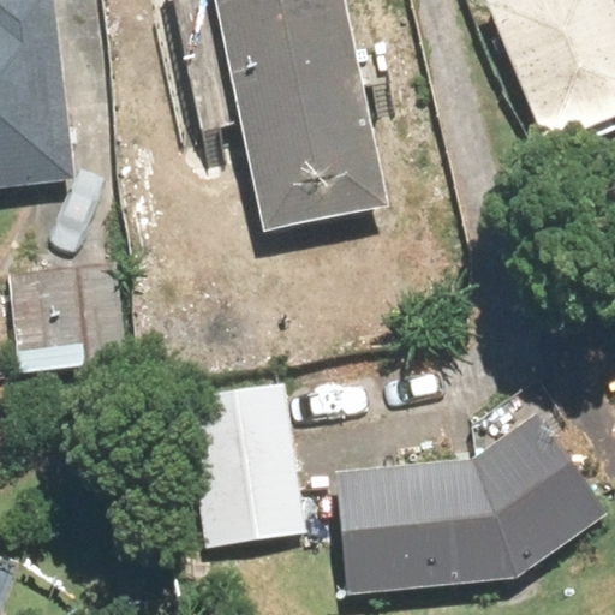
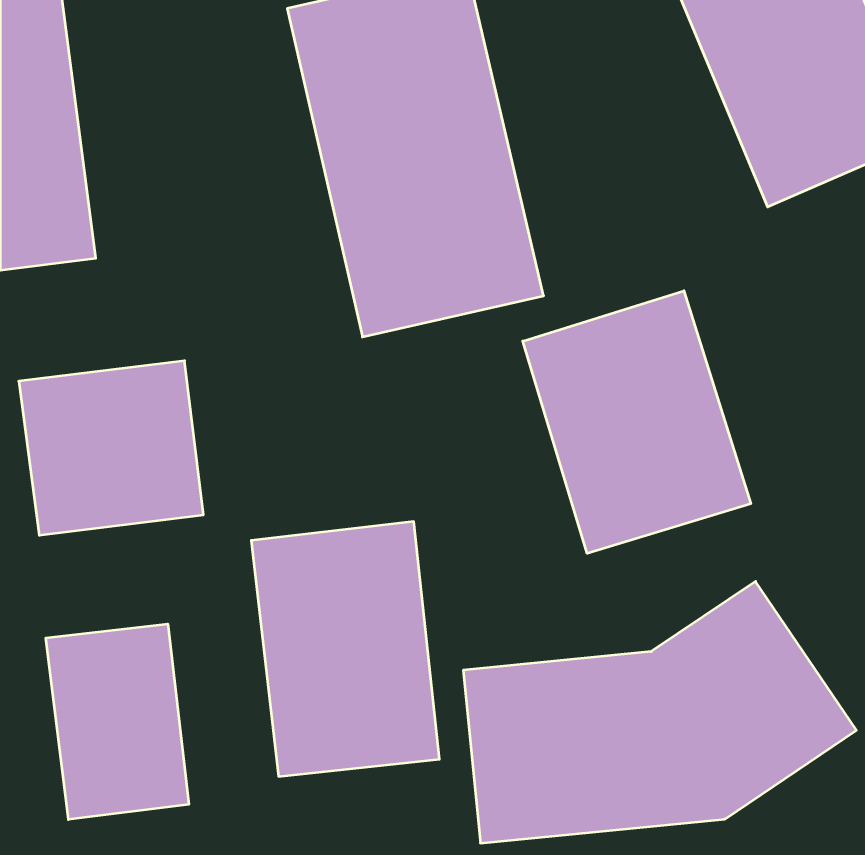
building: none -> [523,291,751,553]
building: none -> [46,624,189,820]

